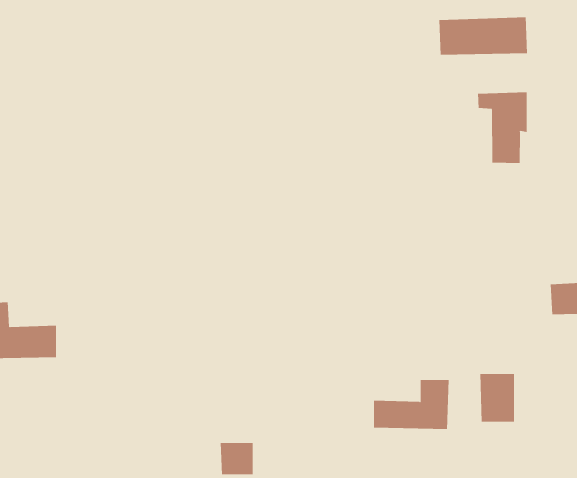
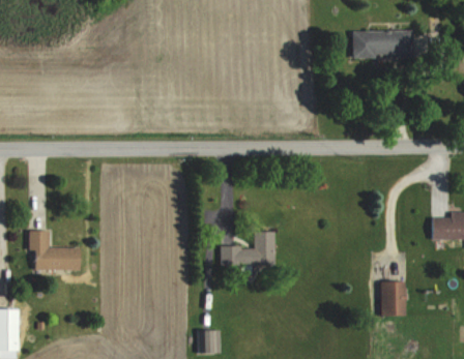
building: [478,92,527,164] -> none
building: [373,379,449,429] -> [221,232,274,267]

